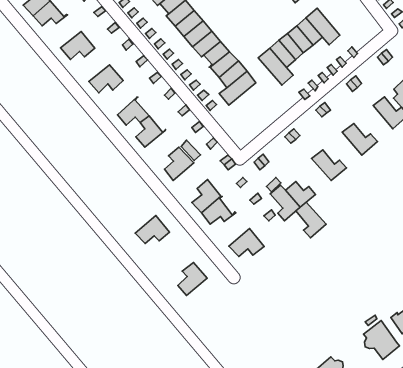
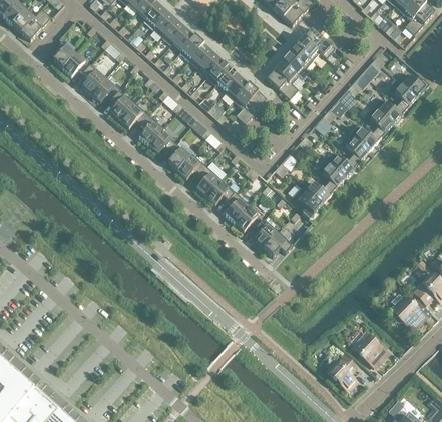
building: none -> [81,62,106,92]
building: none -> [110,88,135,118]
building: none -> [138,113,163,144]
building: none -> [365,105,393,136]
building: none -> [176,152,206,178]
building: none -> [341,132,369,163]
building: [296,202,326,238] -> [317,159,345,190]
building: [135,215,169,244] -> [205,177,236,203]
building: [178,262,207,296] -> [254,217,279,247]

